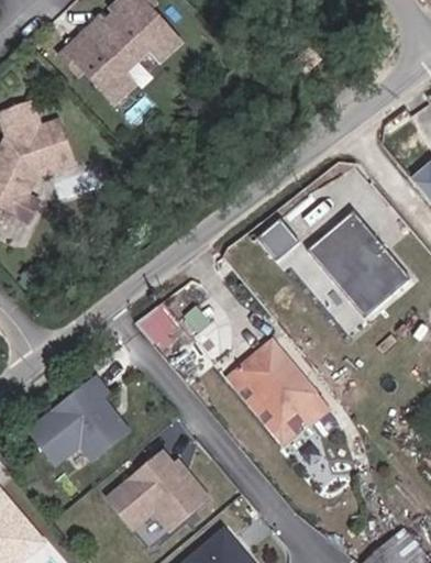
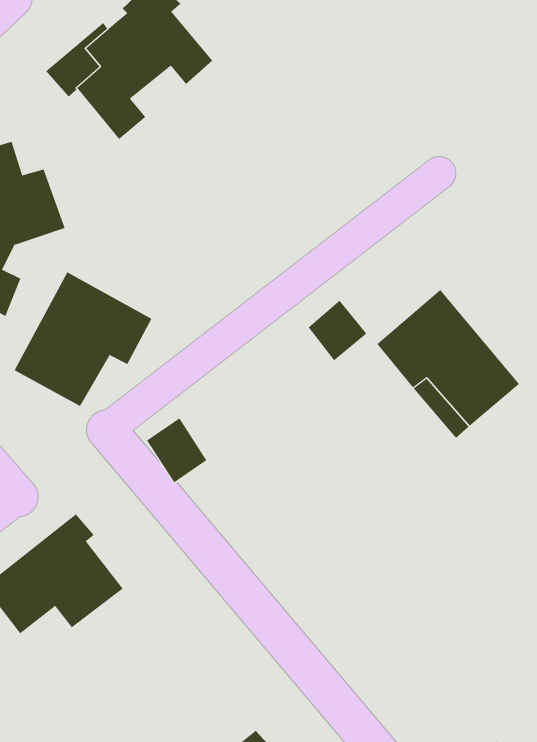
building: none -> [14,272,152,407]
building: [234,341,335,446] -> none
building: [101,449,203,528] -> none

